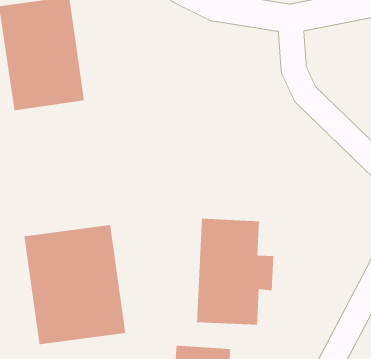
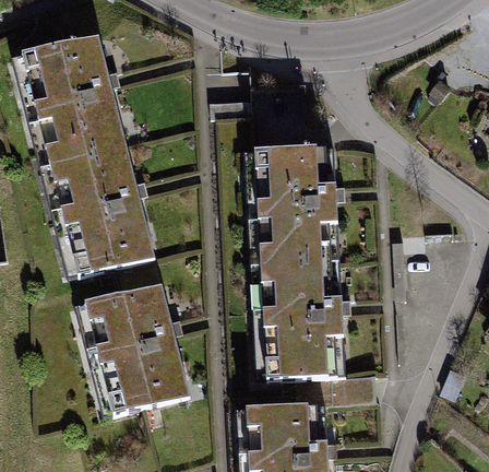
building: none -> [48,146,153,276]
building: none -> [260,142,346,261]

